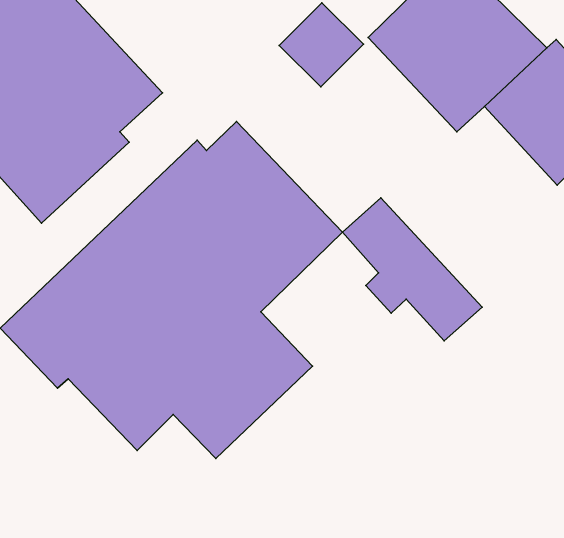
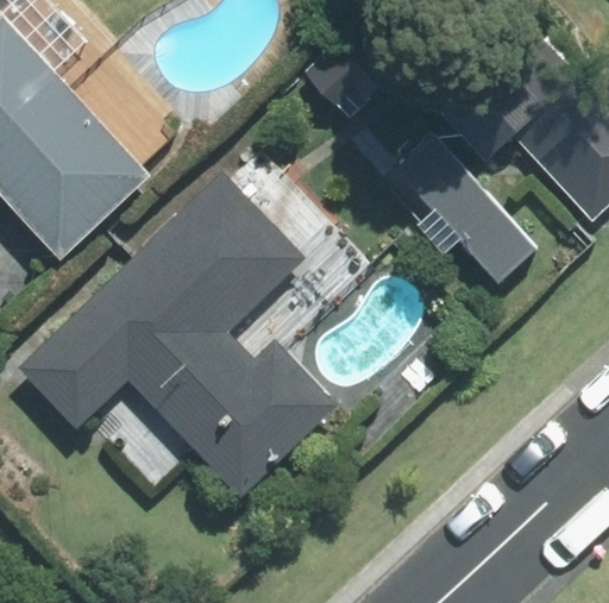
building: [343,198,482,341] -> [391,136,535,283]

